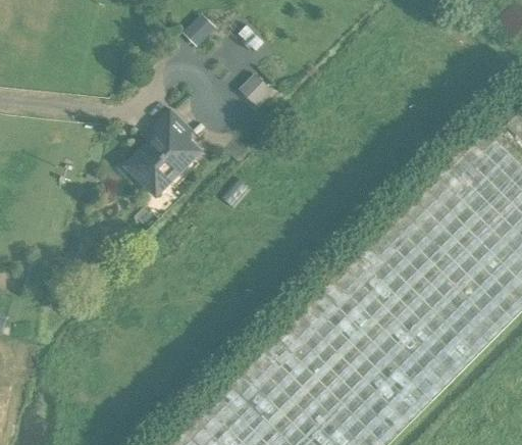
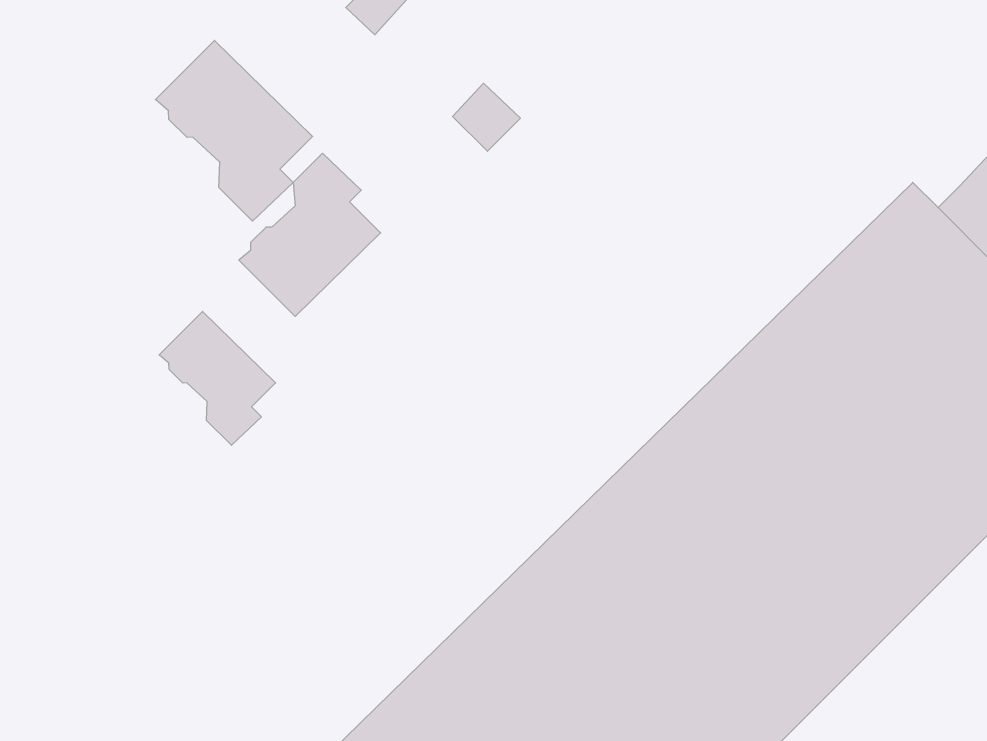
building: none -> [155,40,313,221]
building: none -> [159,311,276,445]

